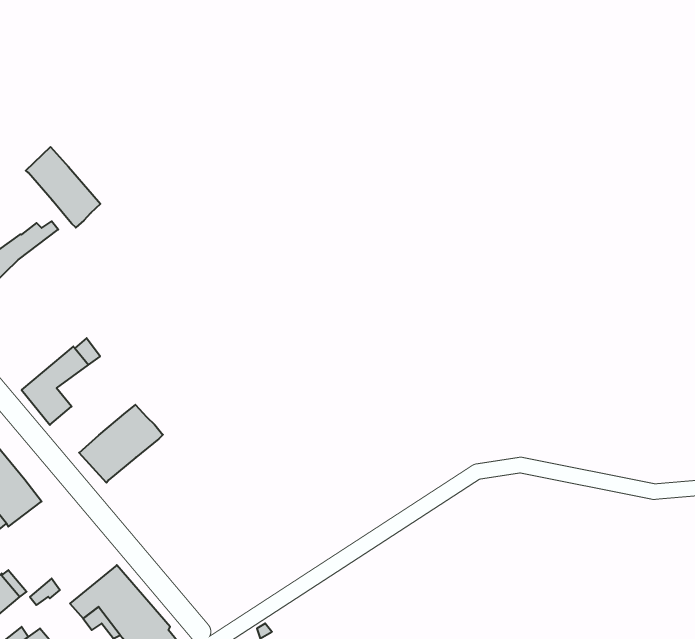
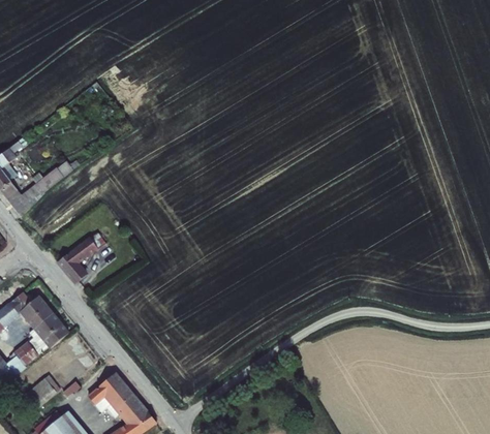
building: [26,147,100,228] -> none
building: [79,405,163,483] -> none

